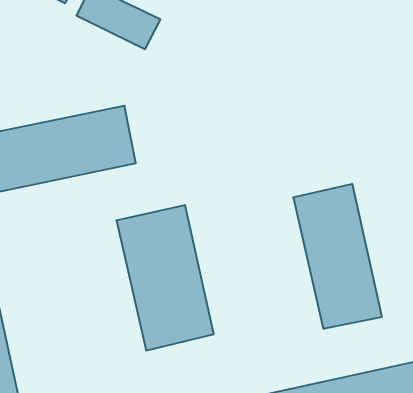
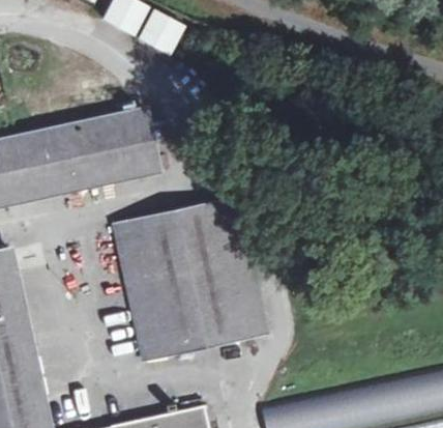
building: [294,184,382,329] -> none
building: none -> [210,205,265,341]
building: none -> [115,226,171,363]

